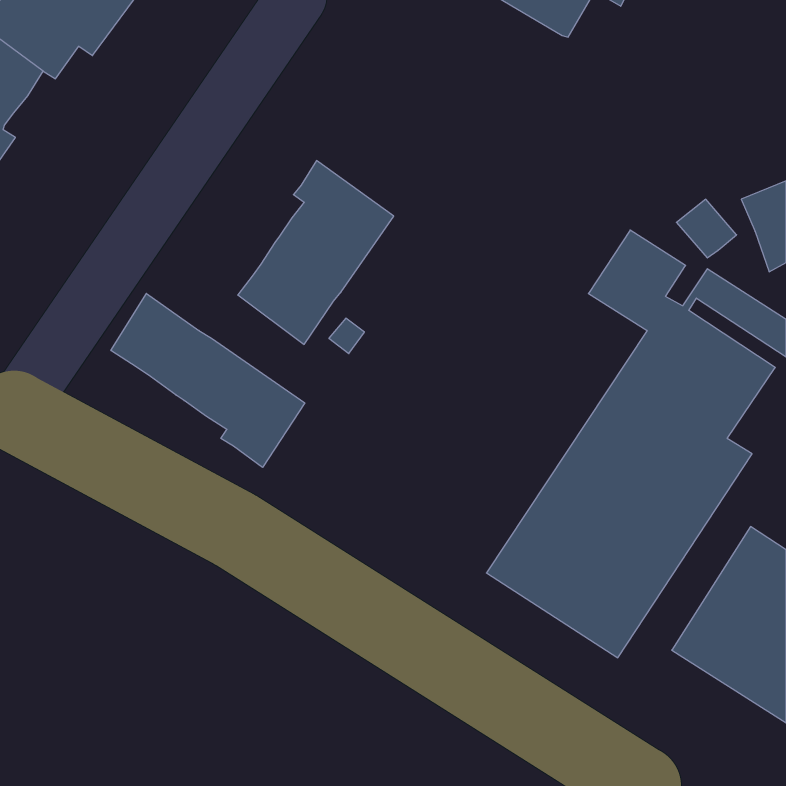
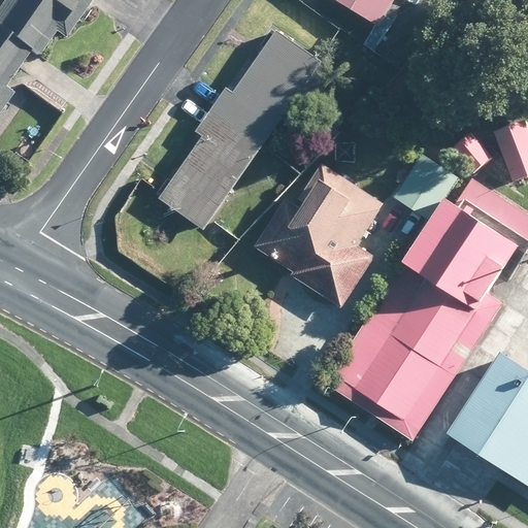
building: none -> [211,30,322,144]
building: none -> [255,164,383,307]
building: [111,293,305,467] -> none

